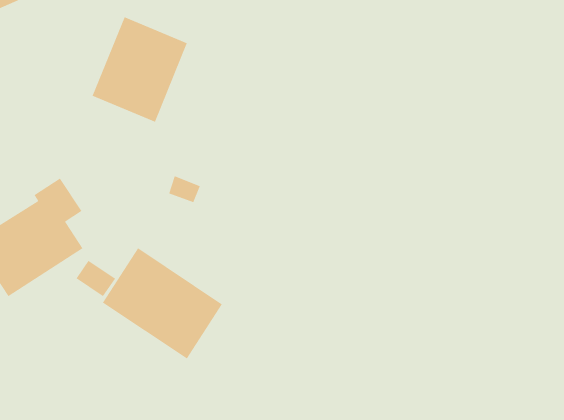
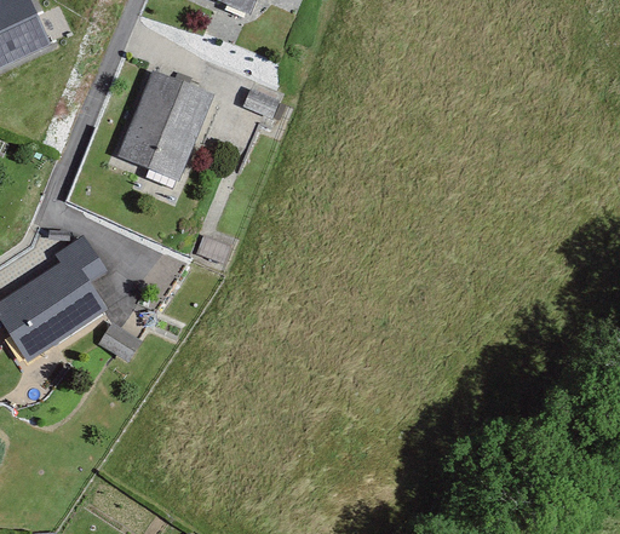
building: [102,247,223,359] -> none

